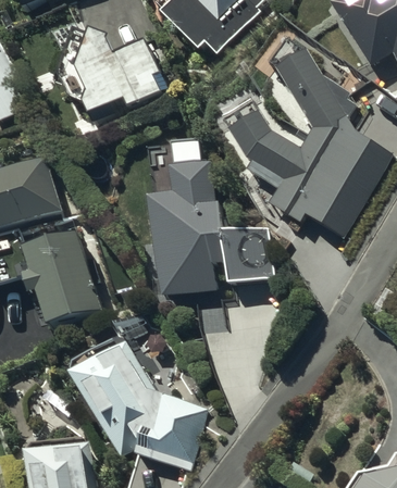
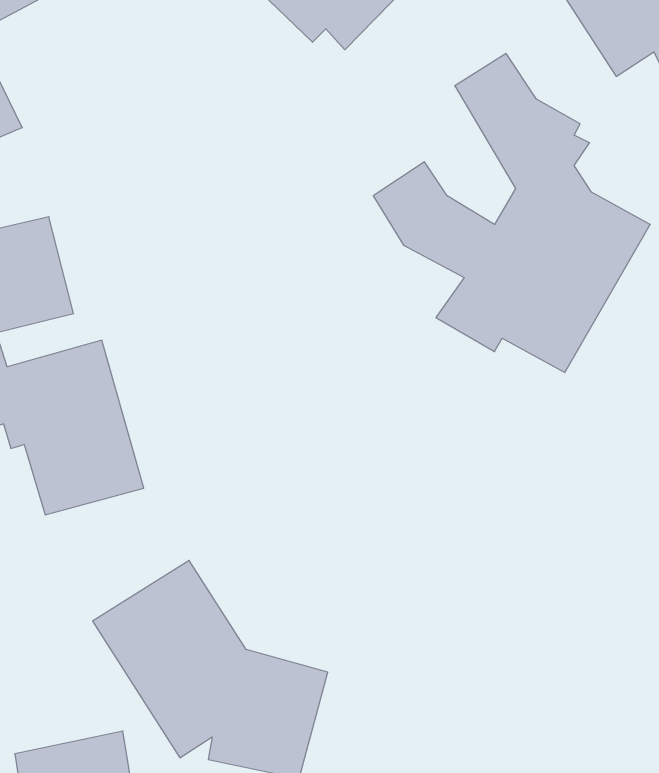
building: [53,34,166,123] -> none
building: [149,140,273,297] -> none

